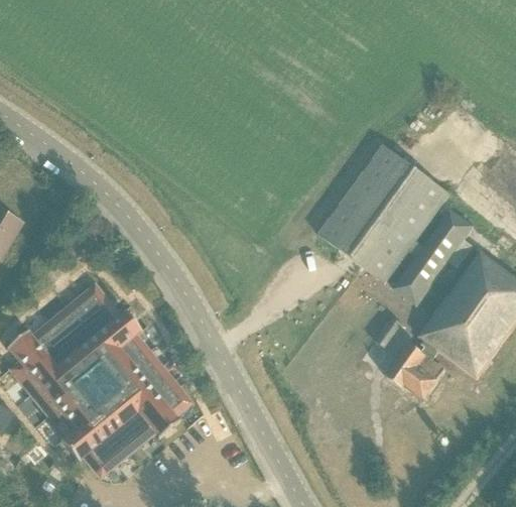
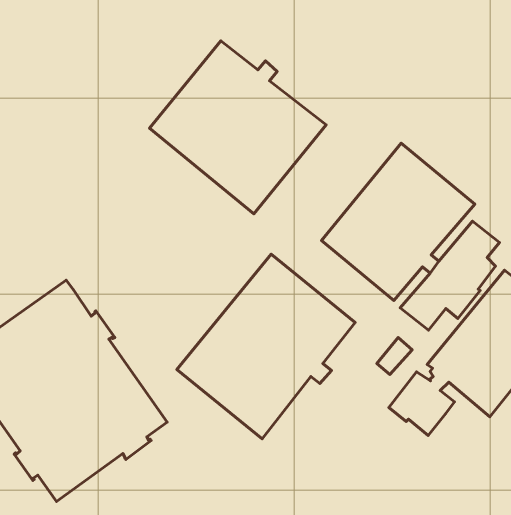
building: none -> [150,41,326,214]
building: none -> [177,254,355,439]

